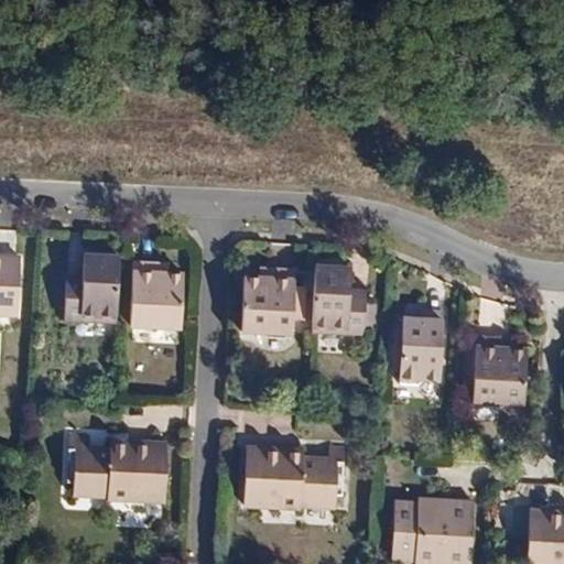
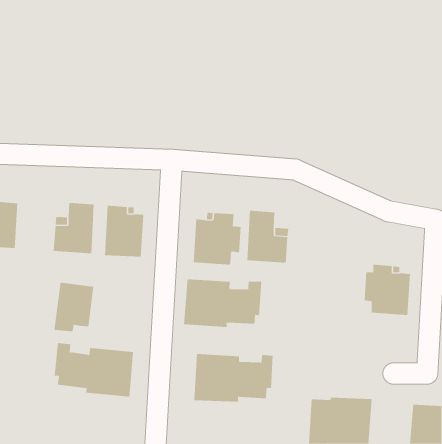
building: [398,304,441,376] -> none
building: none -> [183,278,262,328]
building: none -> [54,282,94,332]

